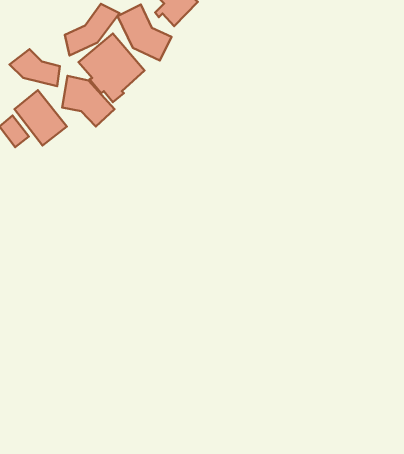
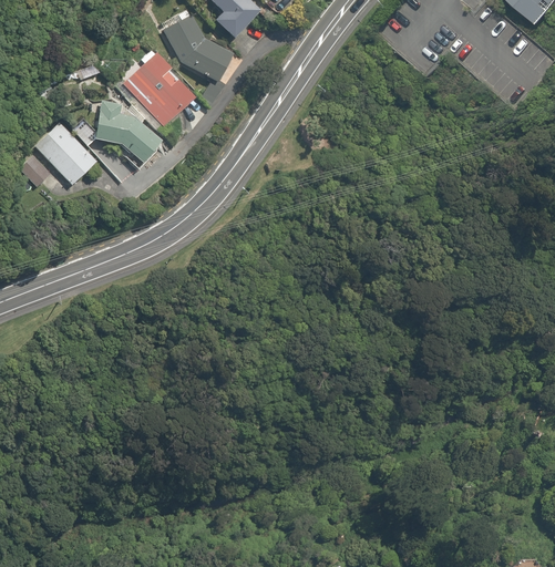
building: [65,4,120,55] -> none
building: [10,49,60,86] -> none

